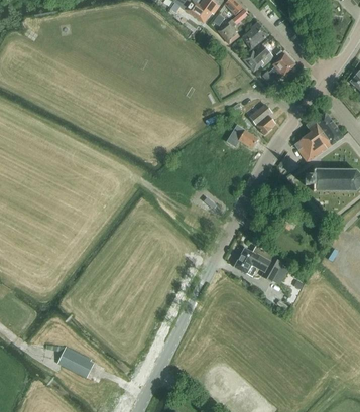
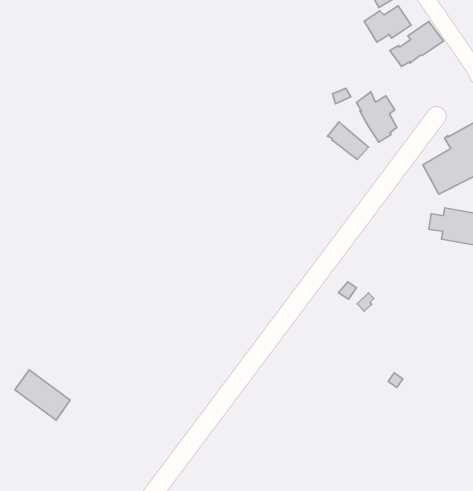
building: [234,247,287,283] -> none
building: [57,348,94,377] -> [15,370,70,420]

